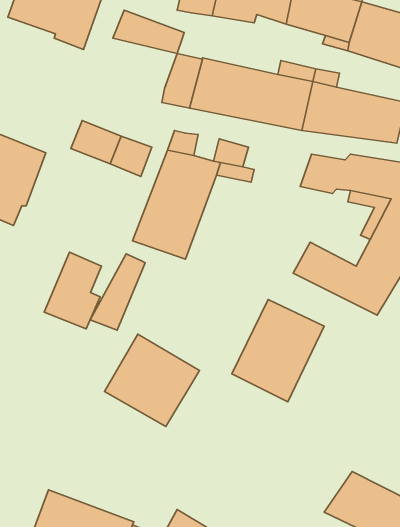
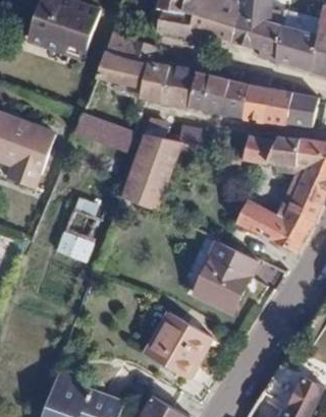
building: none -> [95,51,152,87]
building: [90,254,145,330] -> none
building: [104,334,200,426] -> [144,311,213,378]

